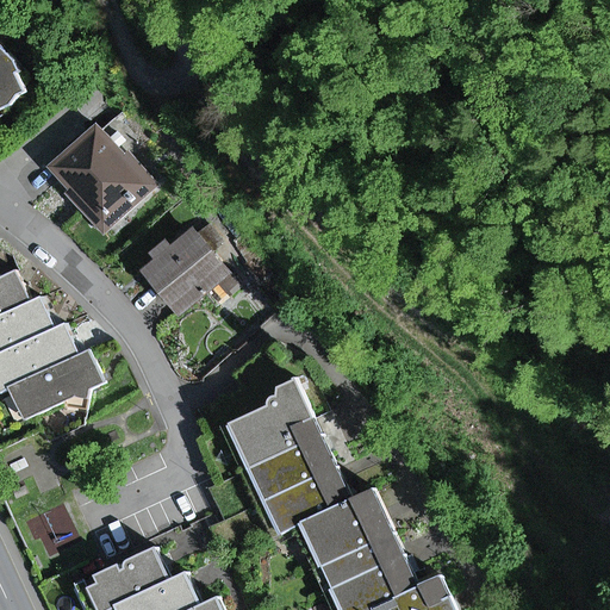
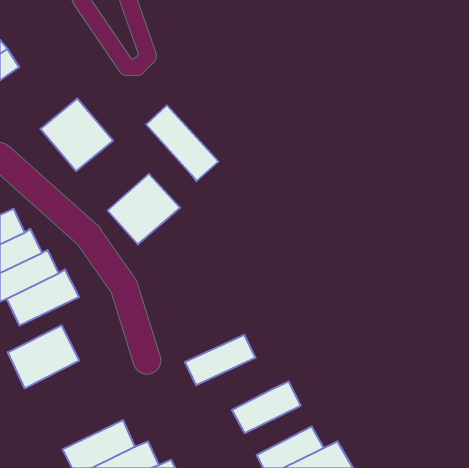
building: none -> [146,105,219,181]
building: [218,387,317,469] -> none
building: none -> [8,325,79,388]
building: [254,463,354,539] -> none
building: [317,525,404,590] -> none

